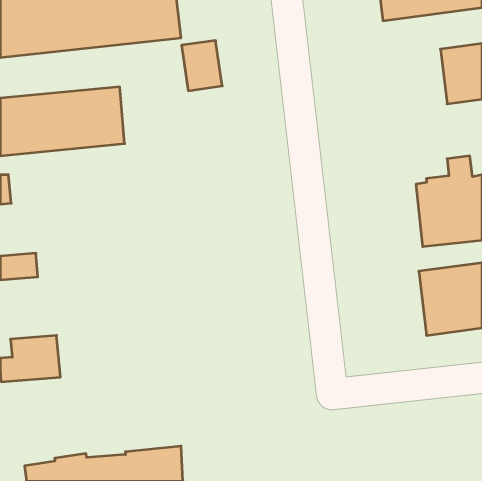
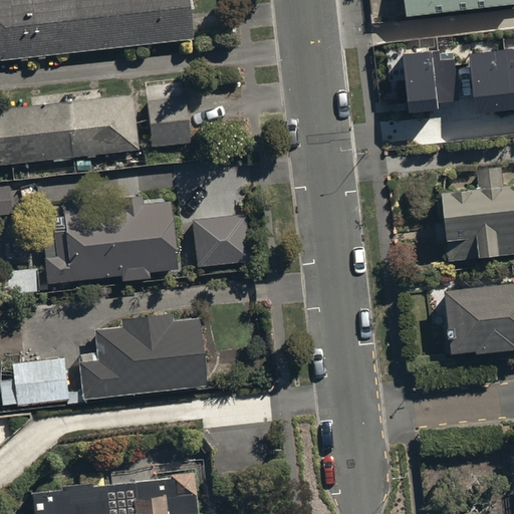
building: [182,41,222,91] -> [145,94,188,148]
building: none -> [403,48,459,110]
building: none -> [46,195,177,285]
building: none -> [180,214,251,271]
building: none -> [79,314,205,400]

